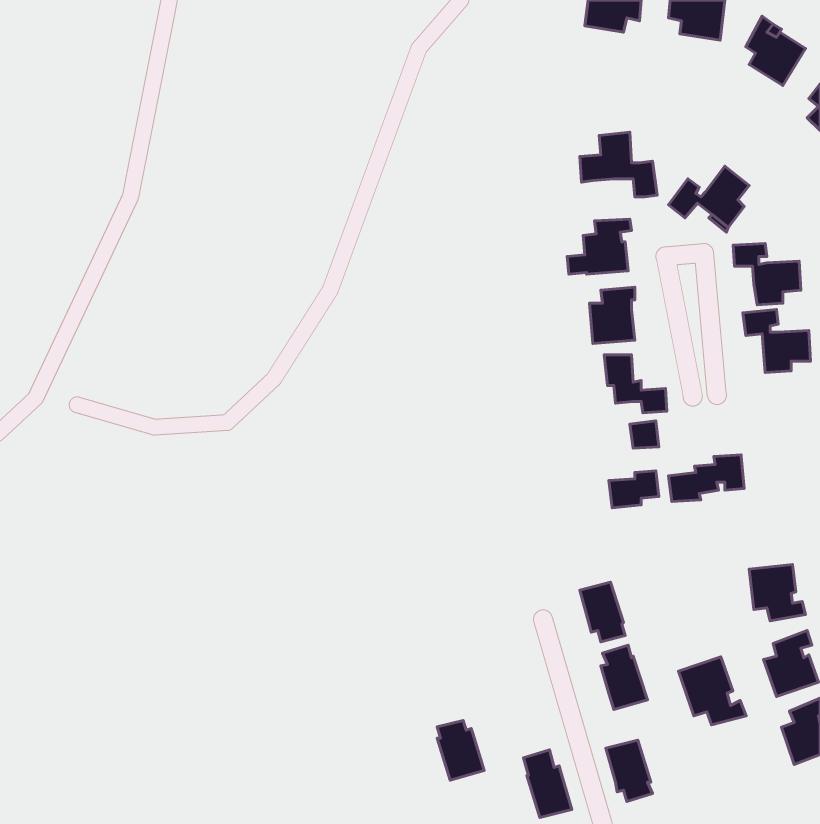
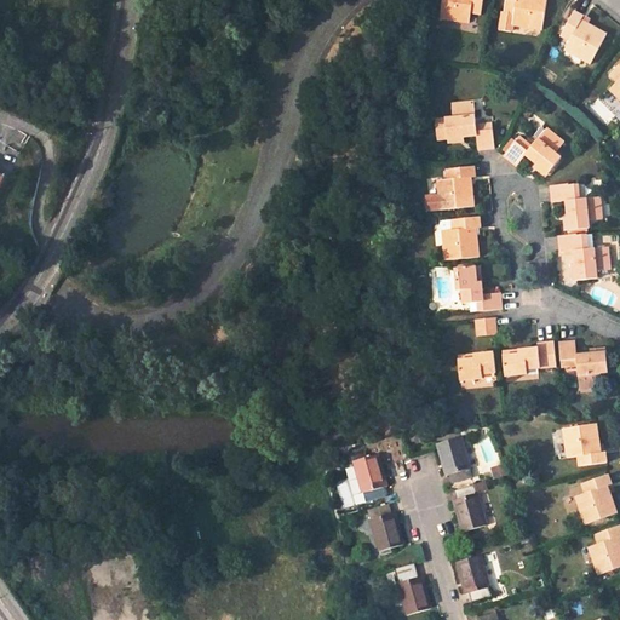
building: none -> [557,340,607,388]
building: none -> [352,454,386,501]
building: [678,657,746,725] -> none
building: [437,721,484,780] -> [368,506,403,551]

